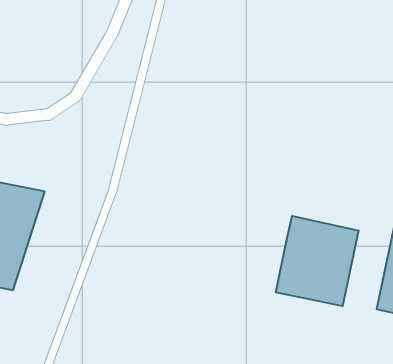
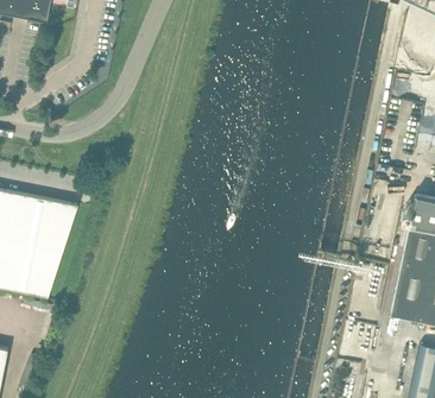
building: [276,216,359,306] -> none

